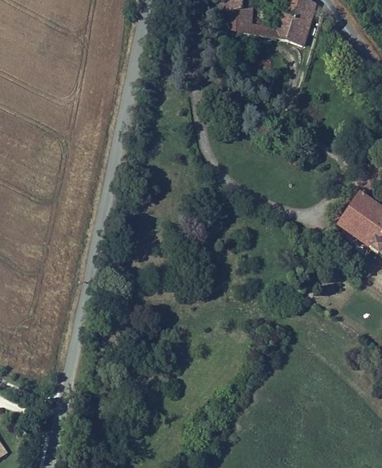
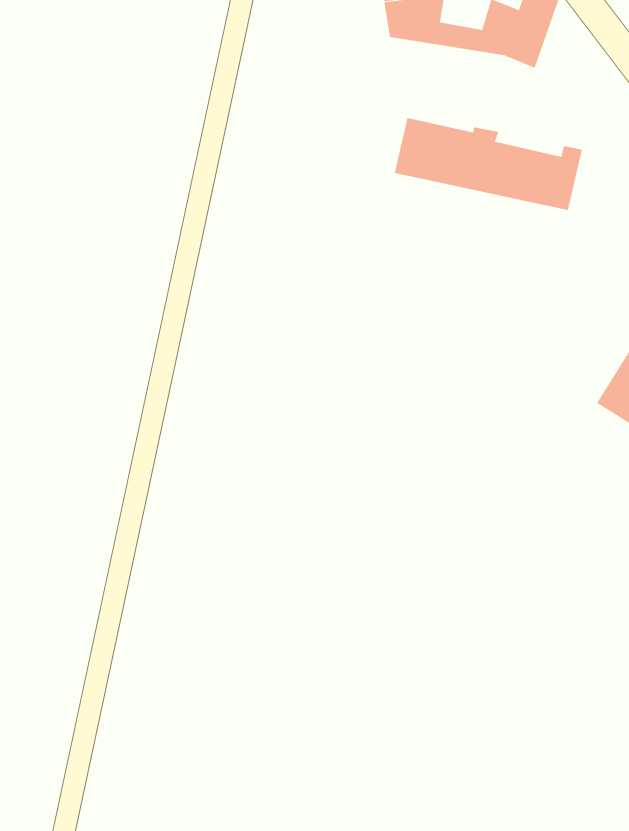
building: none -> [394,117,582,211]

